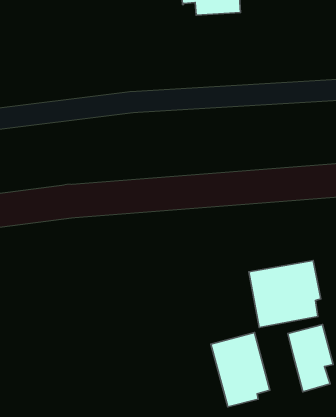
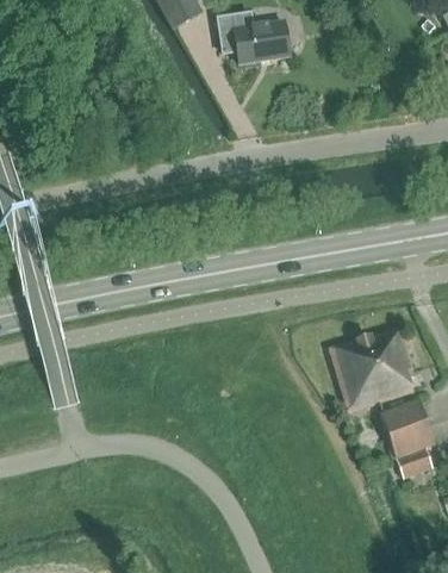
building: [211,333,270,407] -> none

